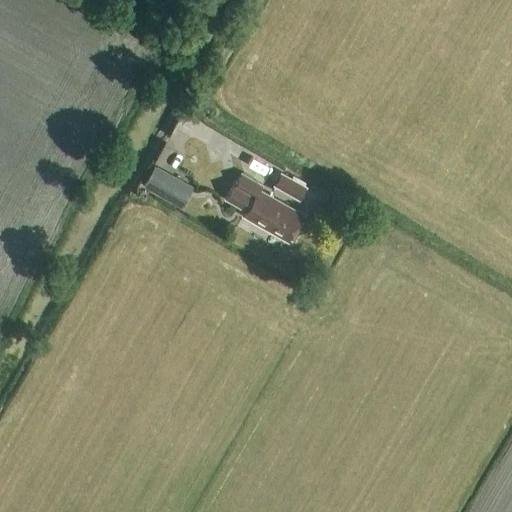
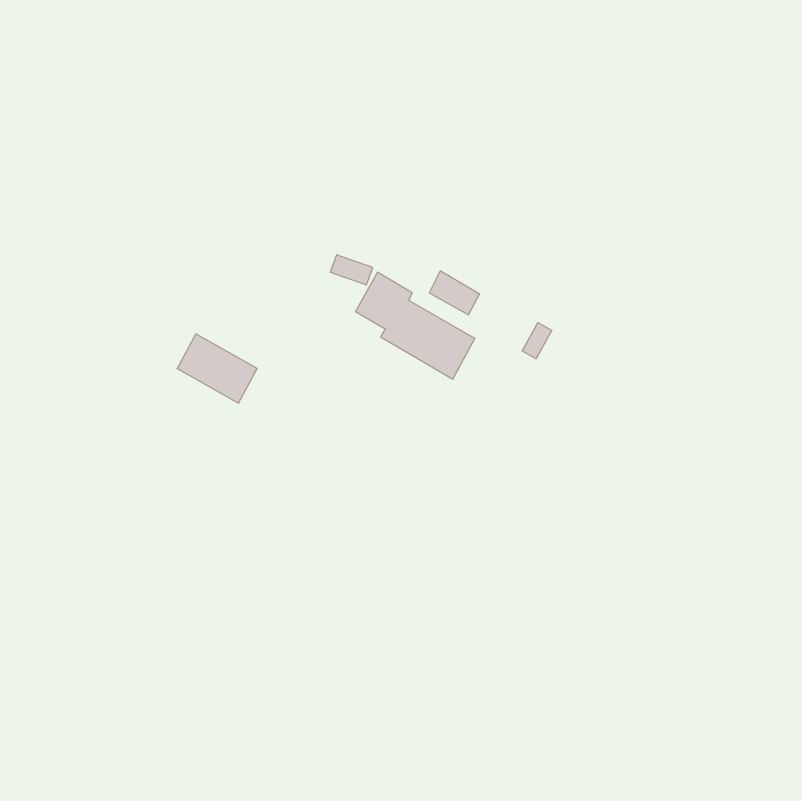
building: [143,166,194,210] -> [177,334,257,403]

